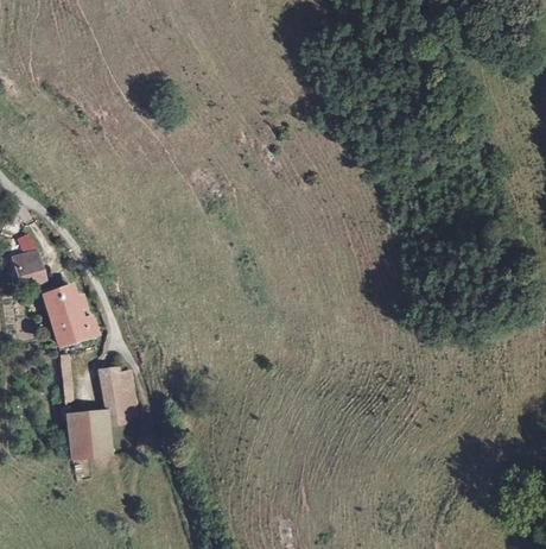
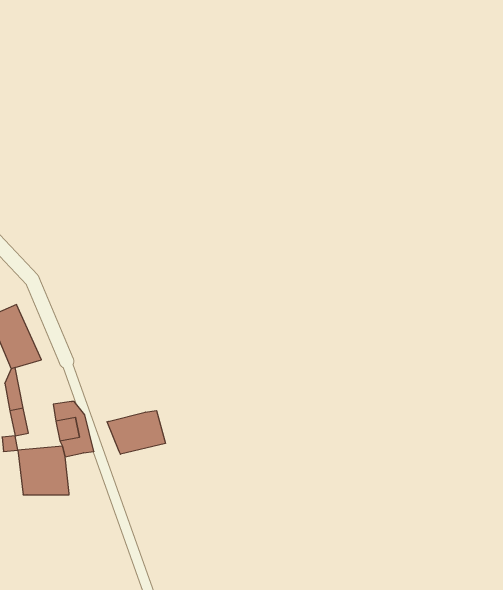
building: none -> [107,411,165,454]

